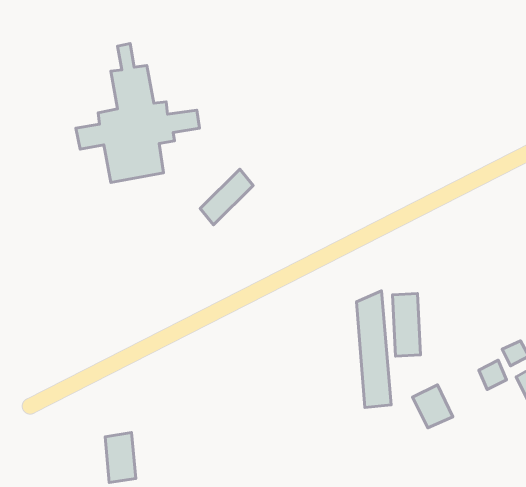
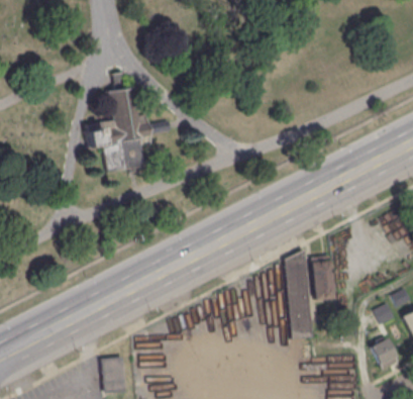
building: [200,169,253,225] -> none
building: [413,385,453,428] -> [371,337,400,369]

